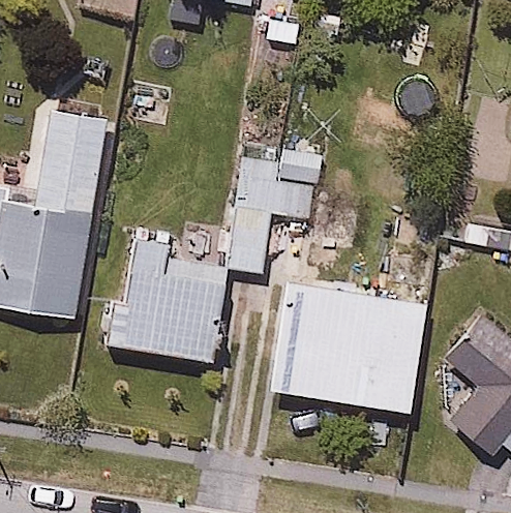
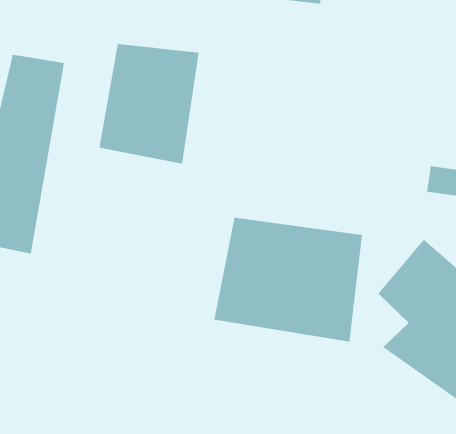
building: none -> [99,43,199,165]
building: [88,233,218,360] -> none

